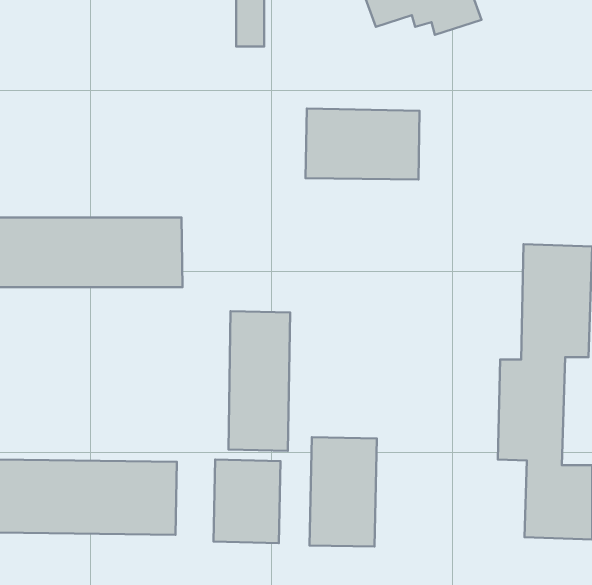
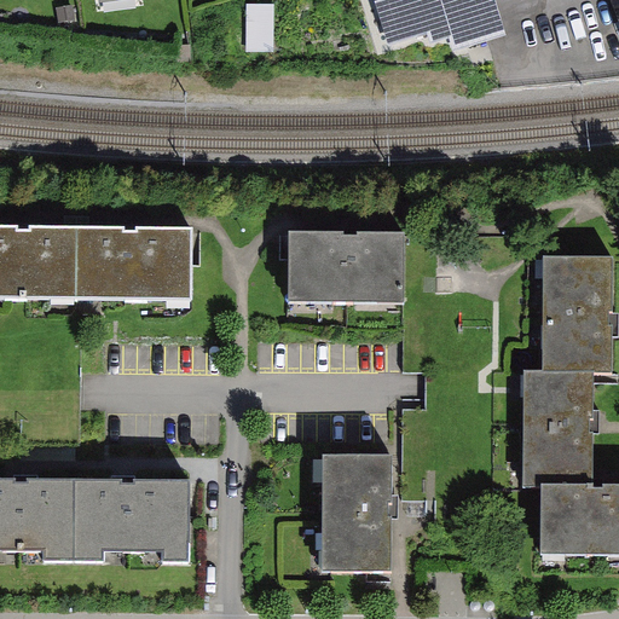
building: [306,108,420,179] -> [288,228,406,302]
building: [228,311,290,451] -> none
building: [213,460,280,543] -> none

